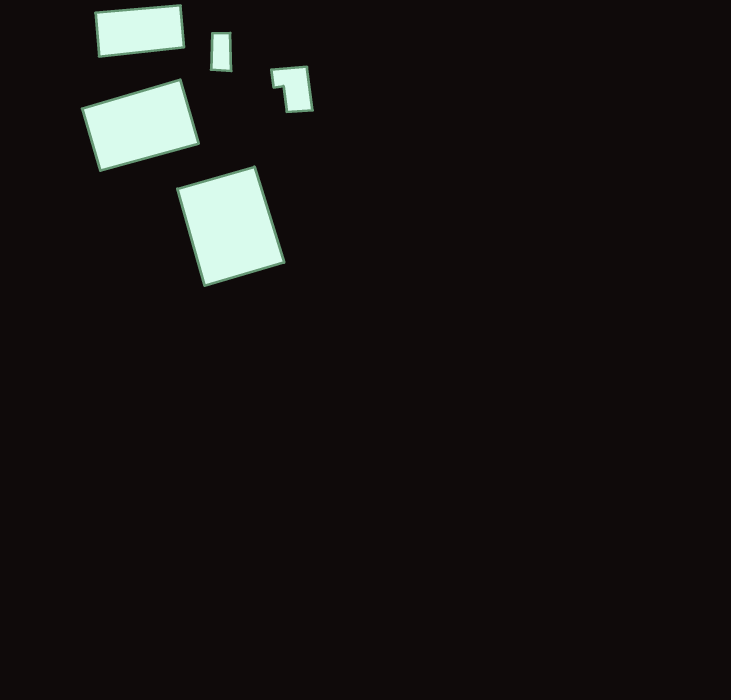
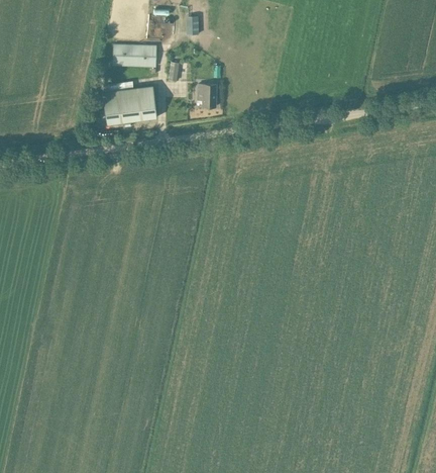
building: [177,167,284,286] -> none

